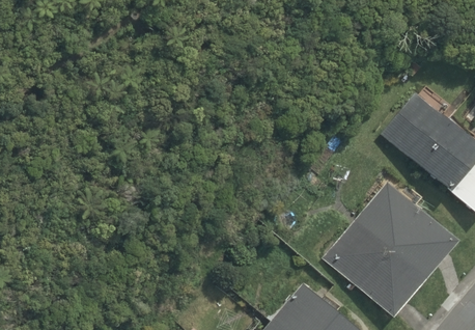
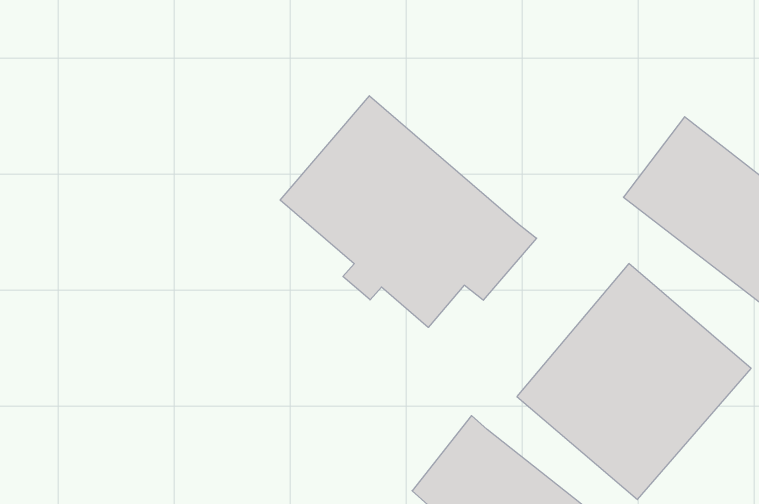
building: none -> [280,96,537,327]

